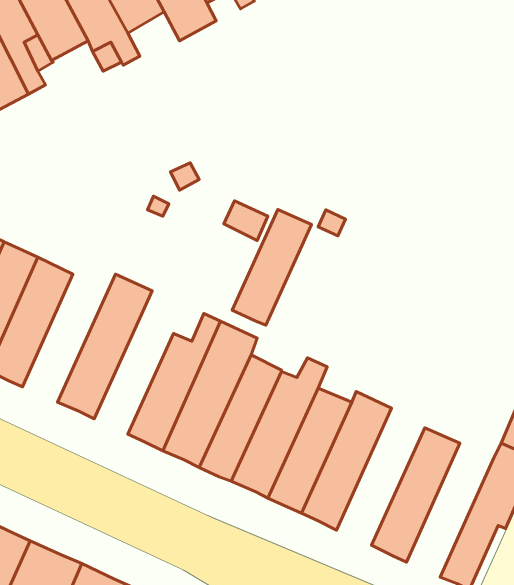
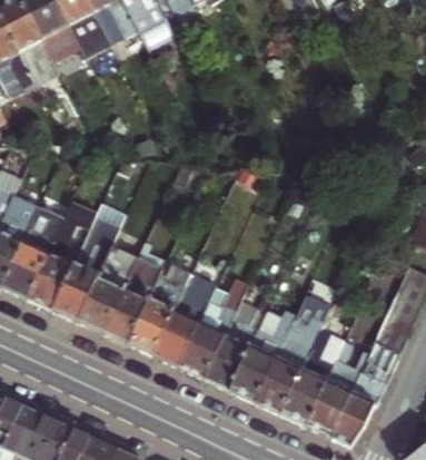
building: [232,209,311,325] -> [80,247,138,332]
building: none -> [28,198,98,309]
building: none -> [257,292,331,413]
building: none -> [308,339,371,437]

